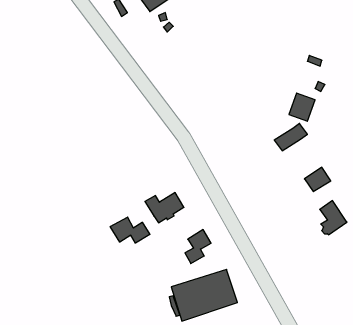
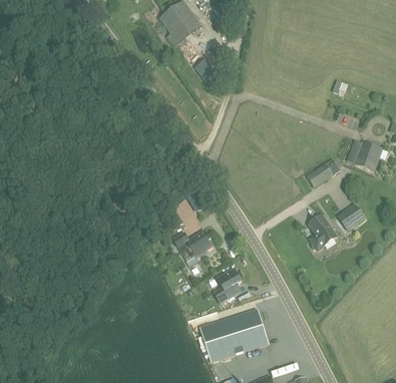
building: [289,93,315,121] -> [354,140,381,169]
building: [320,201,347,235] -> [308,214,336,249]
building: [110,217,150,243] -> none

